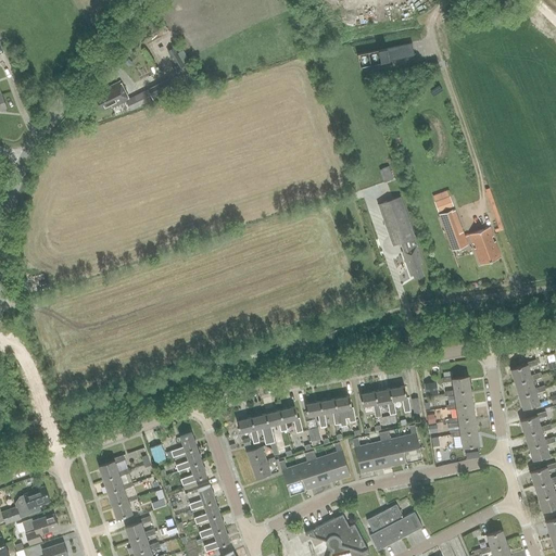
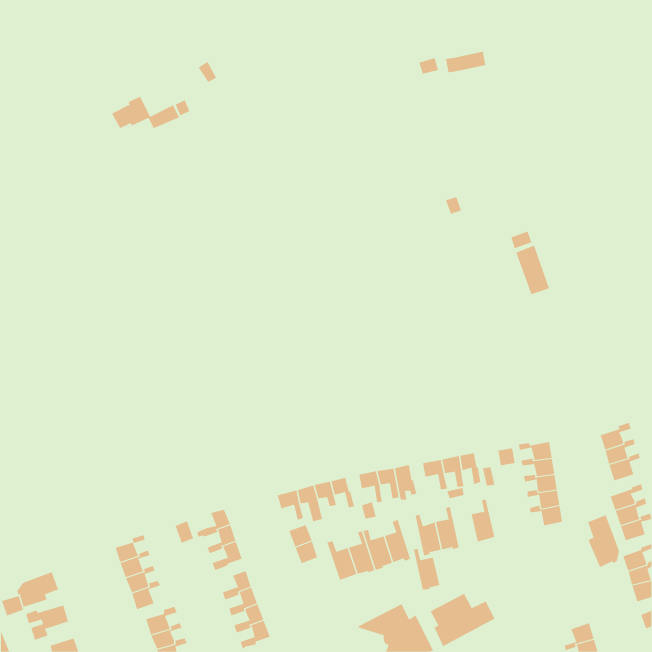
building: [378,198,424,279] -> none
building: [469,227,501,265] -> none
building: [383,430,406,466] -> [413,548,440,590]
building: none -> [587,515,619,568]

